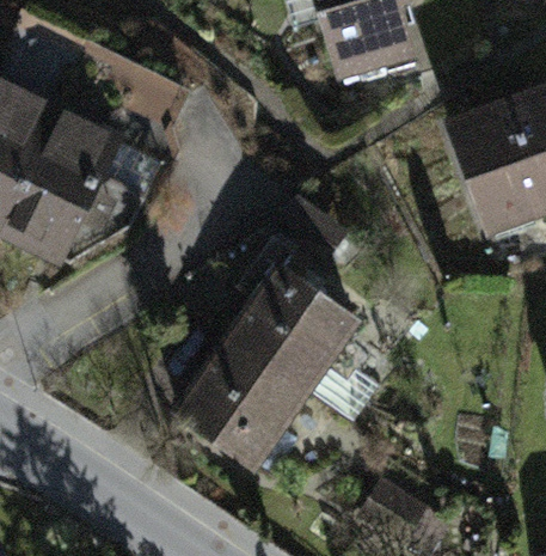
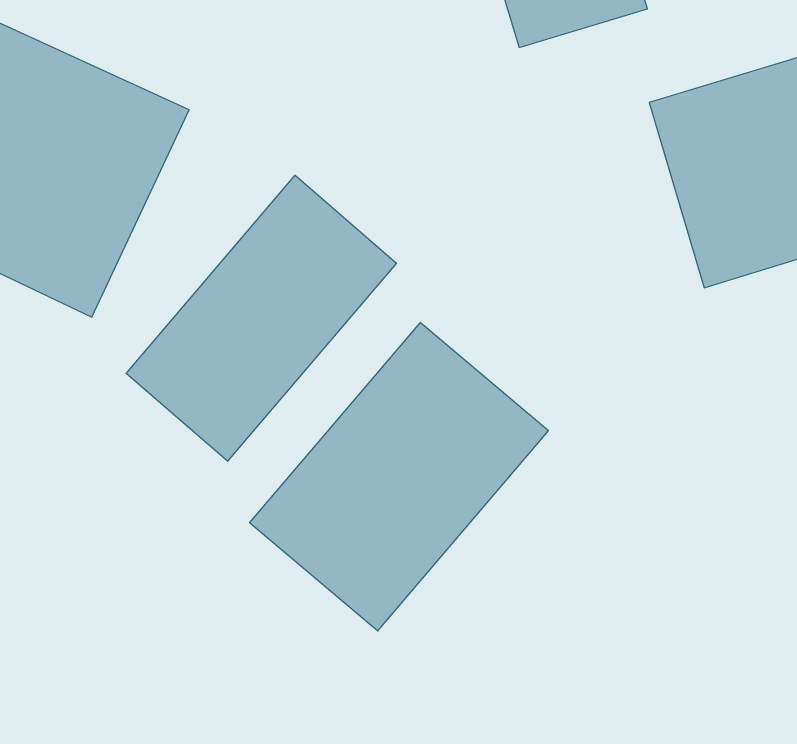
building: none -> [126,175,396,461]

